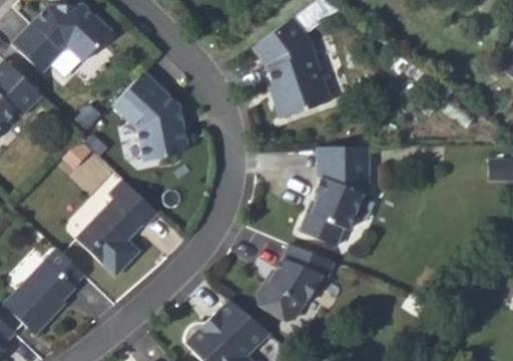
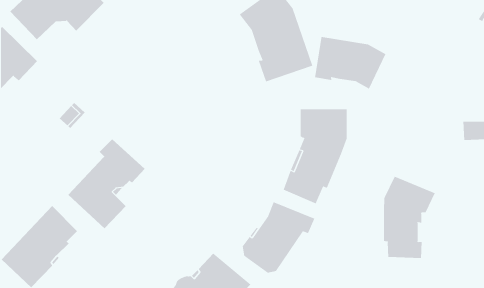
building: none -> [314,36,386,90]
building: [109,76,181,165] -> none
building: none -> [383,176,436,259]

